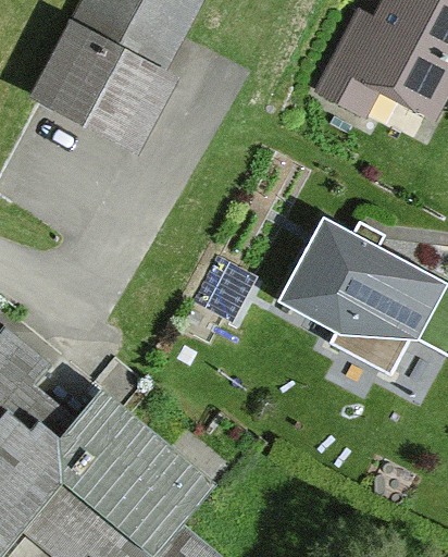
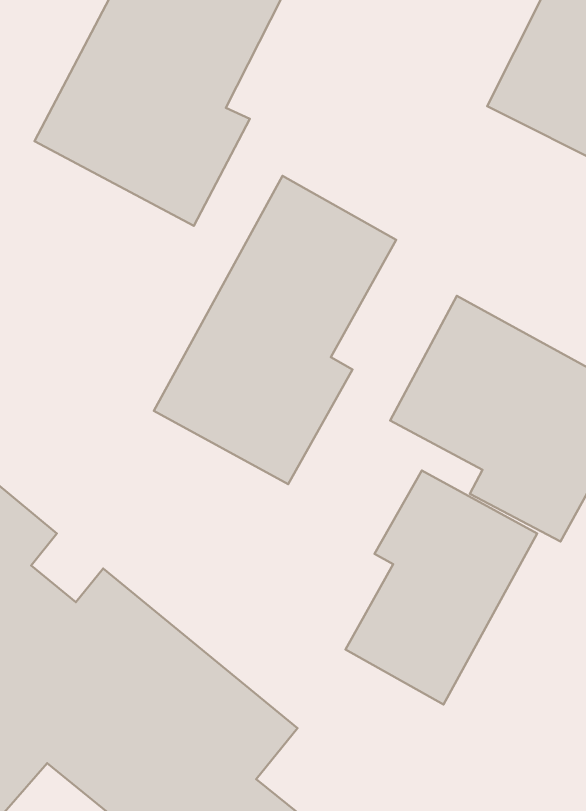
building: none -> [154,176,396,484]
building: none -> [346,470,537,704]

